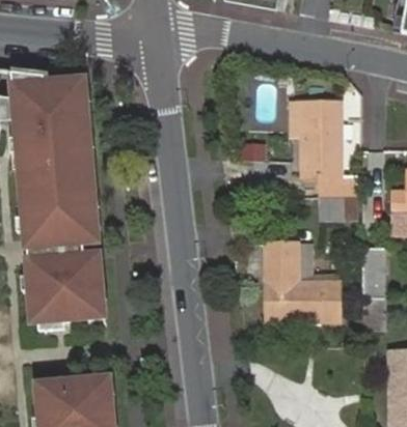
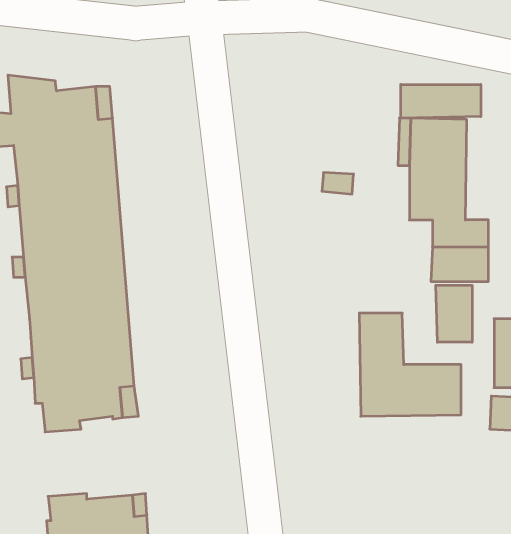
building: none -> [401,84,481,118]
building: none -> [436,285,472,342]

